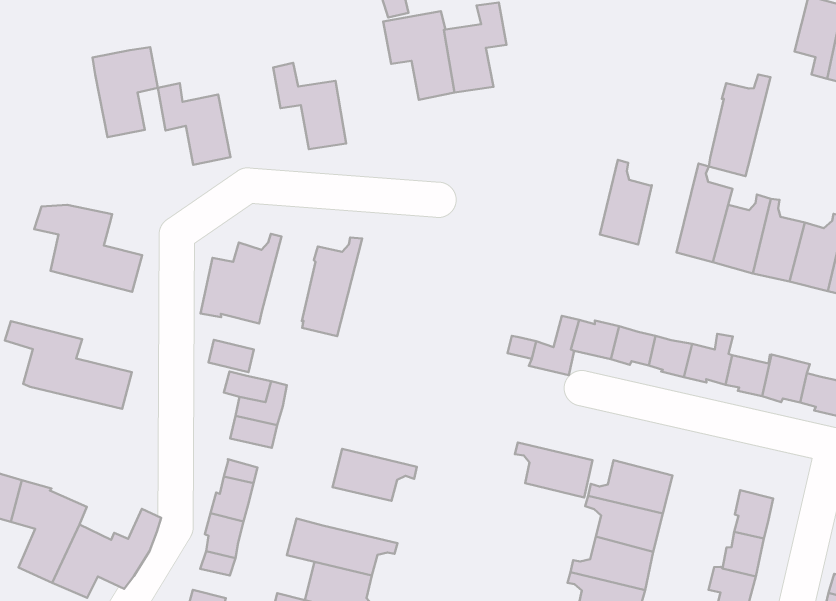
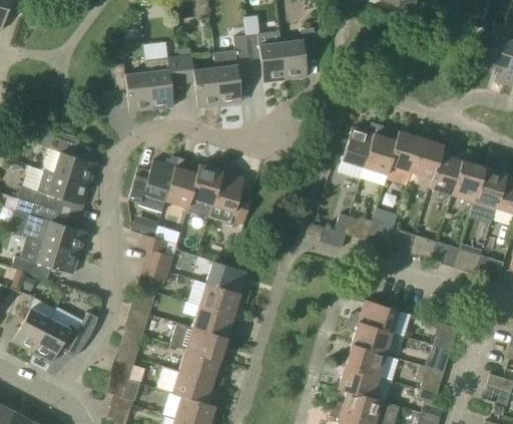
building: none -> [214,35,249,105]
building: [93,47,158,137] -> [146,58,183,109]
building: [709,74,770,176] -> [387,127,426,186]
building: none -> [343,122,379,167]
building: none -> [165,157,198,207]
building: none -> [208,161,251,225]
building: none -> [18,168,90,210]
building: none -> [13,237,80,279]
building: none -> [207,262,251,297]
building: [515,442,592,497] -> none
building: none -> [193,306,238,341]

